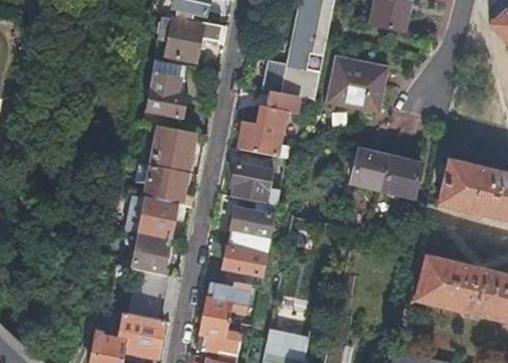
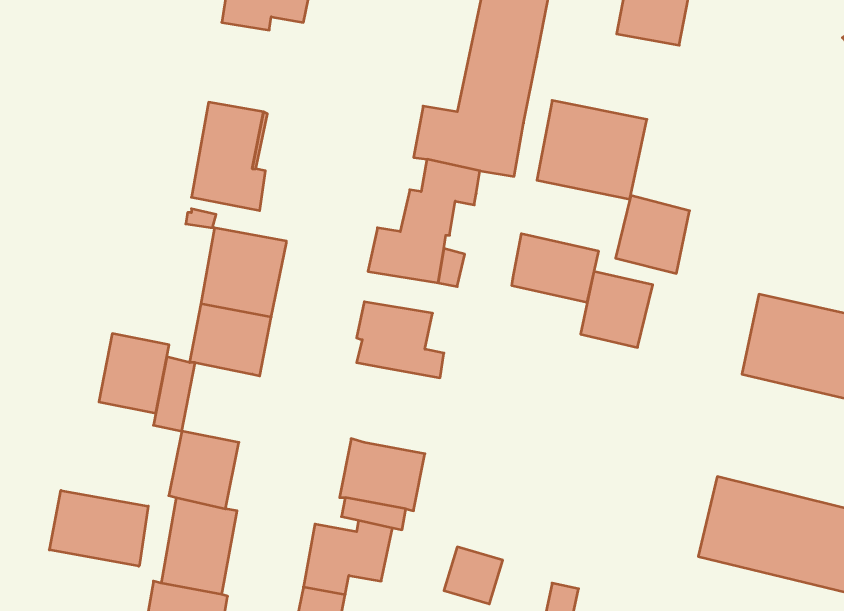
building: [158,16,226,61] -> none
building: none -> [512,234,598,302]
building: [381,155,420,196] -> [616,196,690,273]
building: [140,196,177,238] -> [99,334,169,413]
building: [229,199,277,244] -> none
building: none -> [49,490,148,566]

